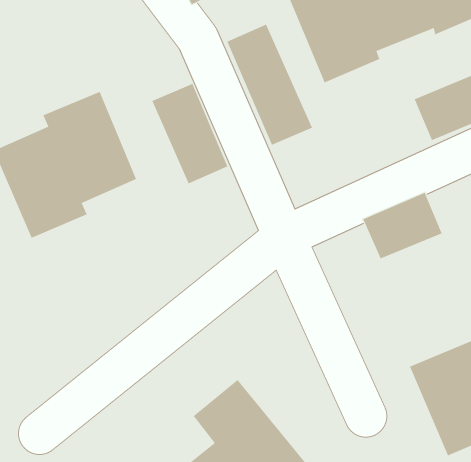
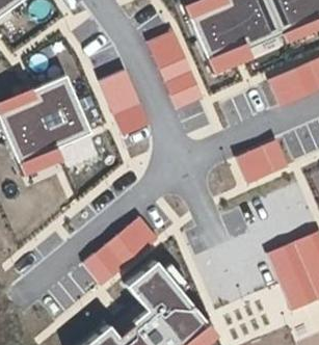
building: none -> [84,217,160,287]

